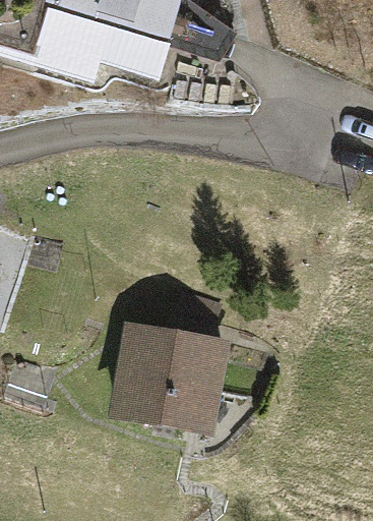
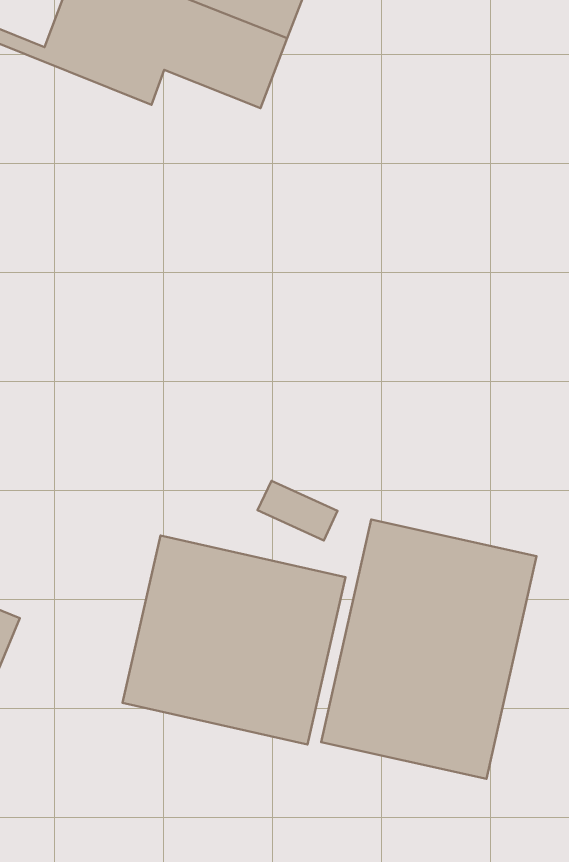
building: none -> [321,519,537,779]

